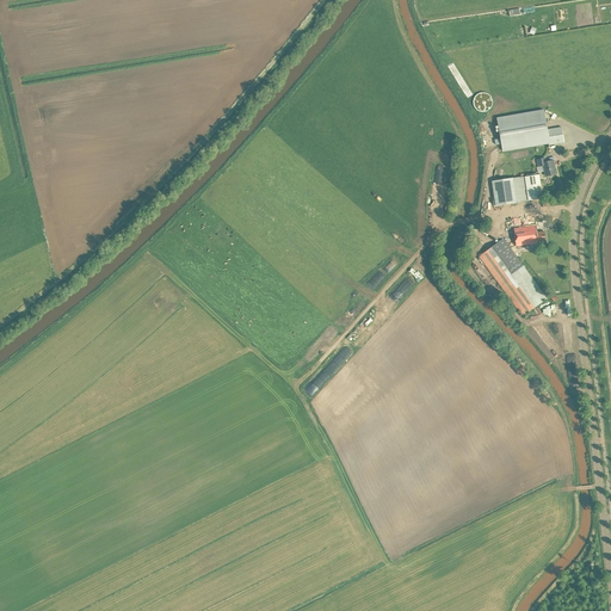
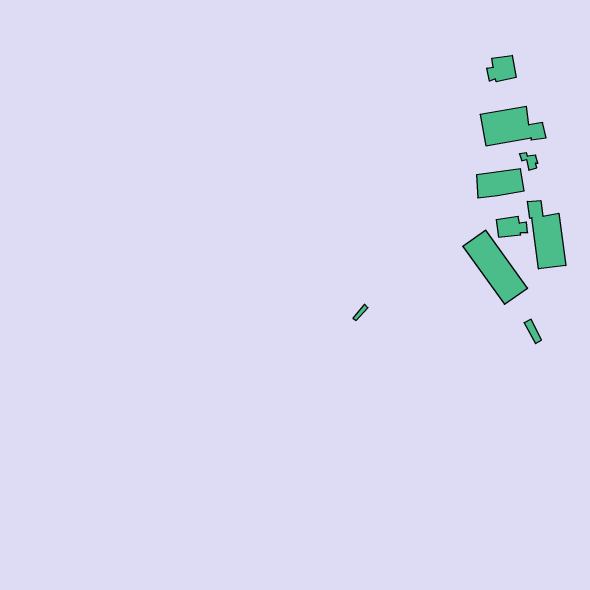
building: none -> [487,55,516,82]
building: none -> [527,201,566,269]

